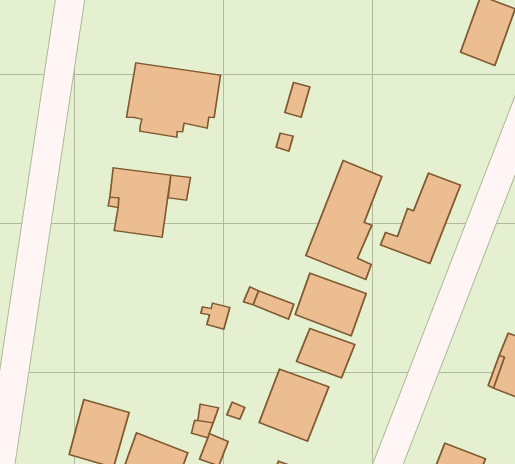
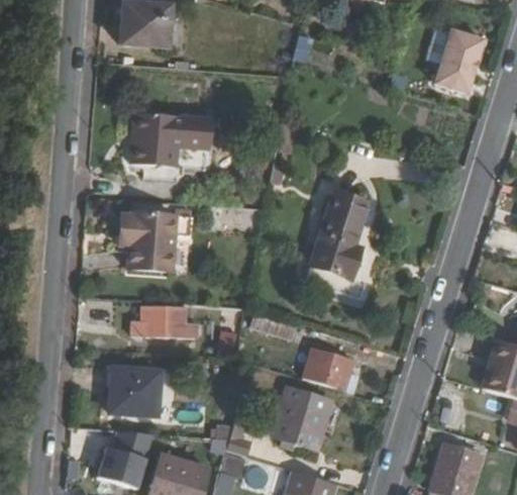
building: [380,173,461,264] -> none
building: none -> [131,306,199,338]
building: [295,273,366,336] -> none
building: none -> [109,368,161,416]

